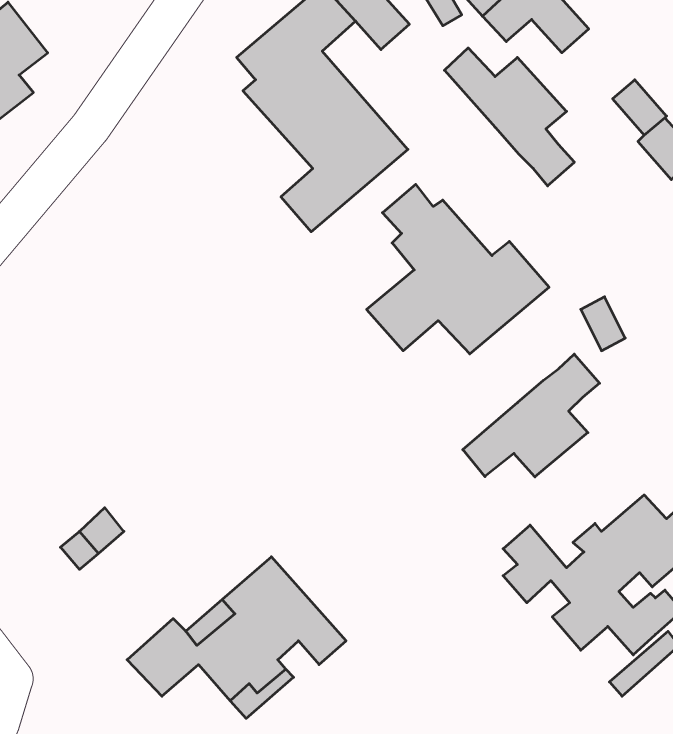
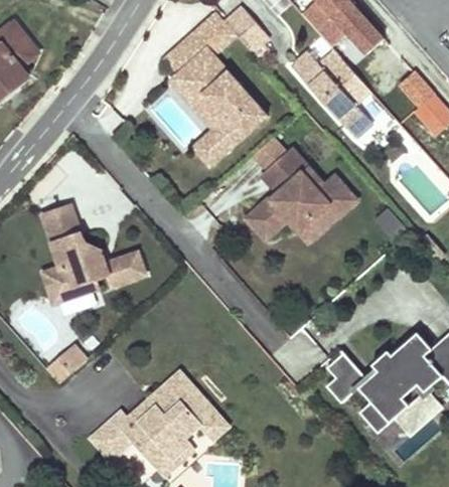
building: none -> [38,201,147,304]
building: [463,354,600,477] -> none

